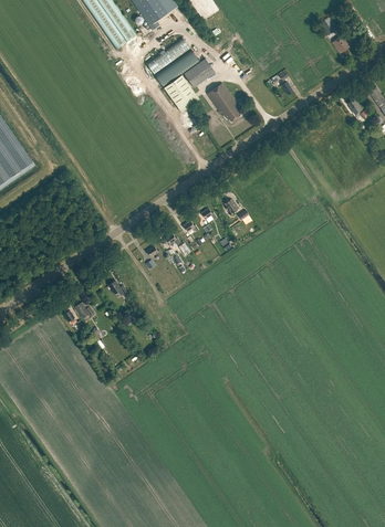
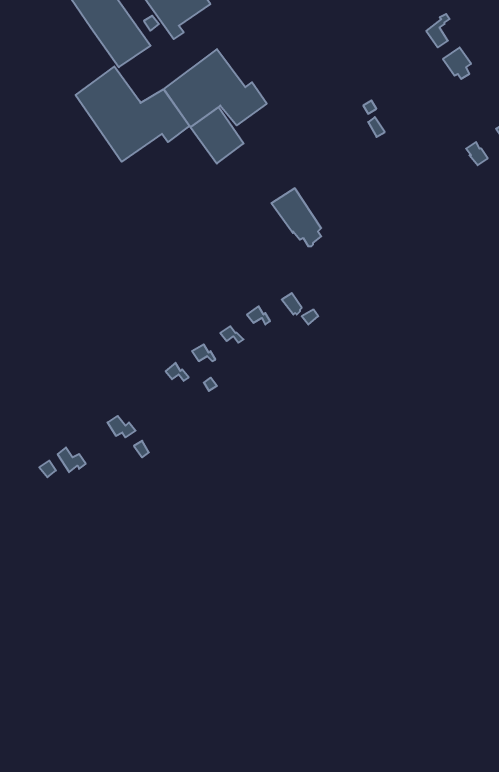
building: none -> [76,66,190,162]
building: [207,83,240,122] -> [271,188,321,246]

